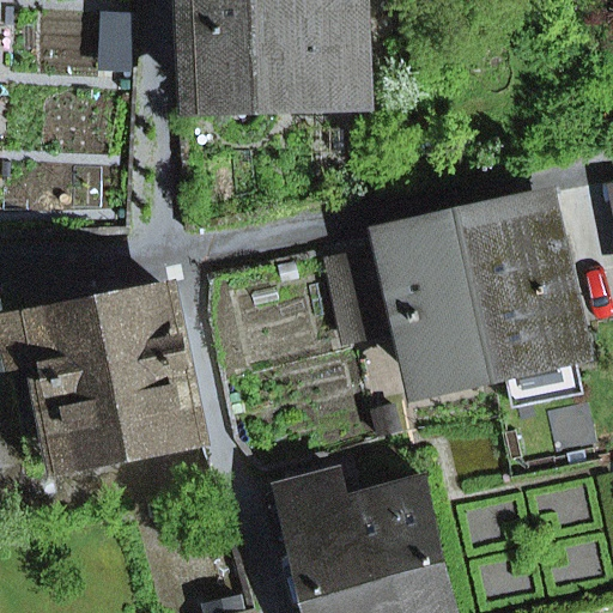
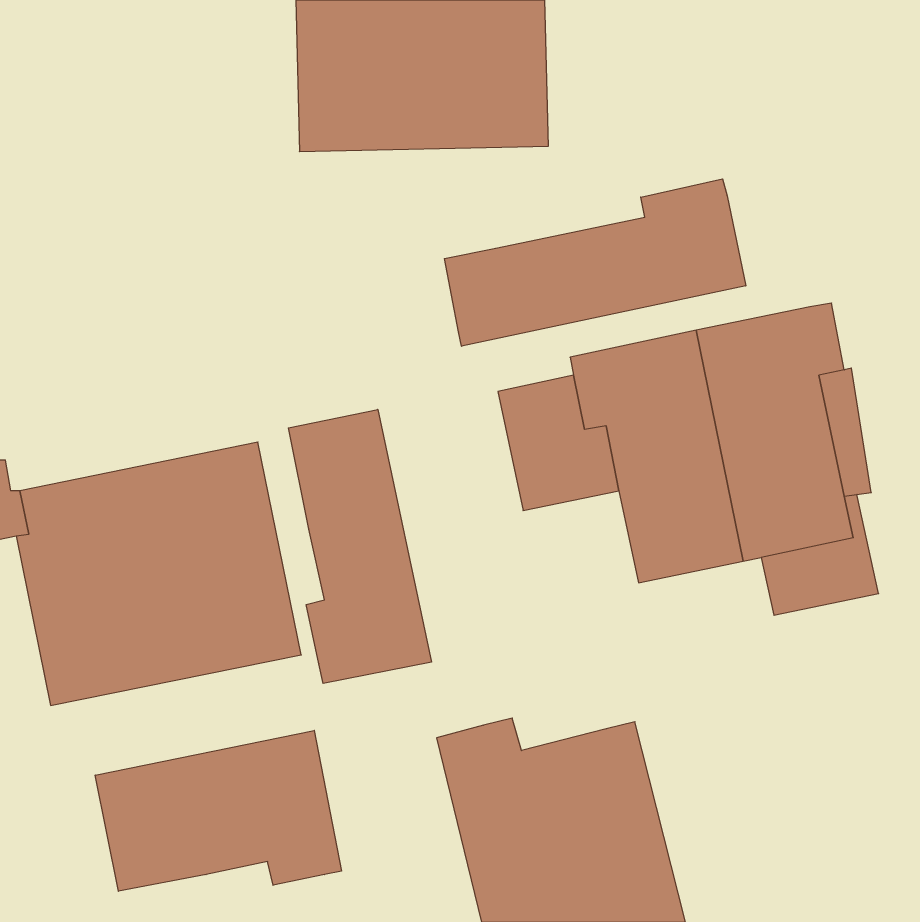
building: none -> [444,179,746,346]
building: none -> [288,409,431,683]
building: none -> [95,730,341,891]

